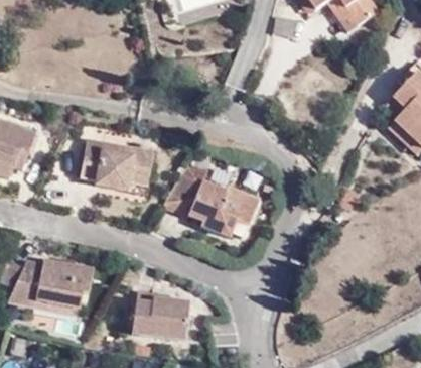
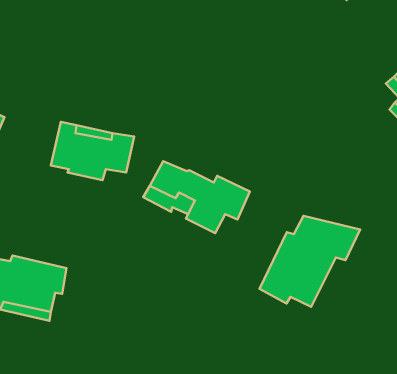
building: none -> [260,216,360,307]
building: [134,290,192,341] -> none

